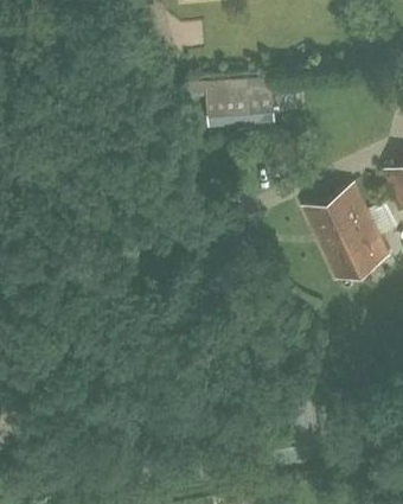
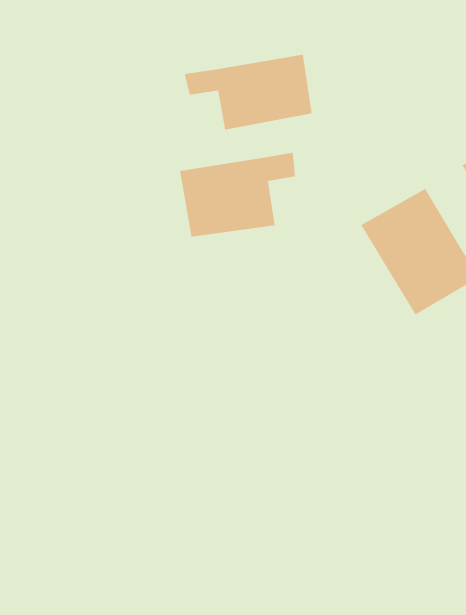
building: none -> [179,152,296,237]

